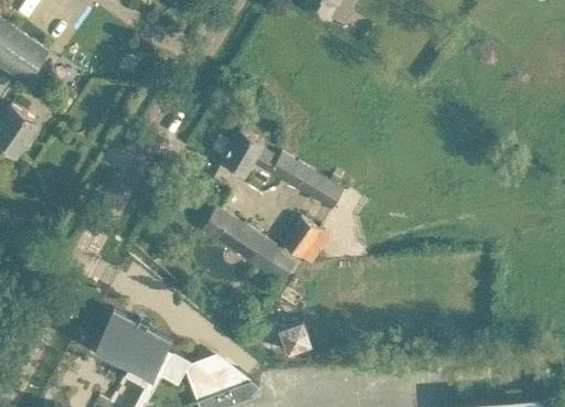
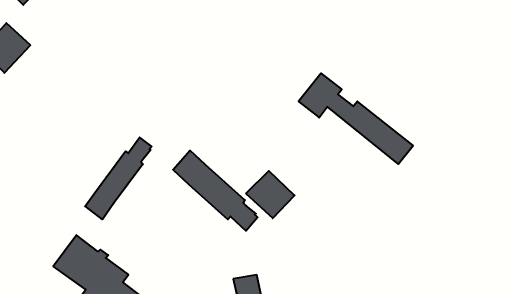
building: [221,130,343,211] -> [299,73,413,164]
building: none -> [85,137,152,219]

